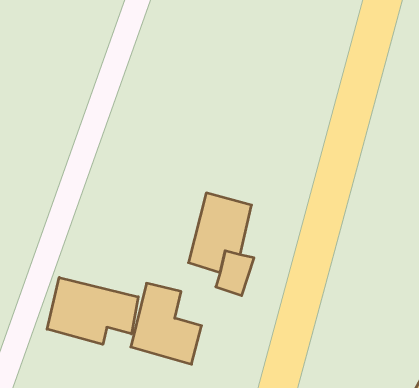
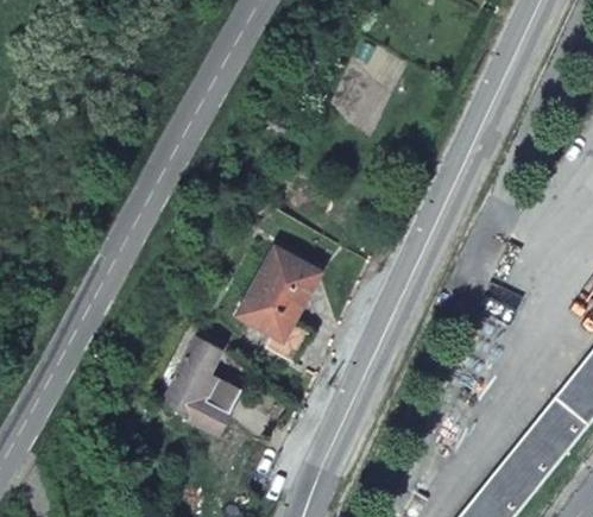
building: [47,277,138,344] -> none

